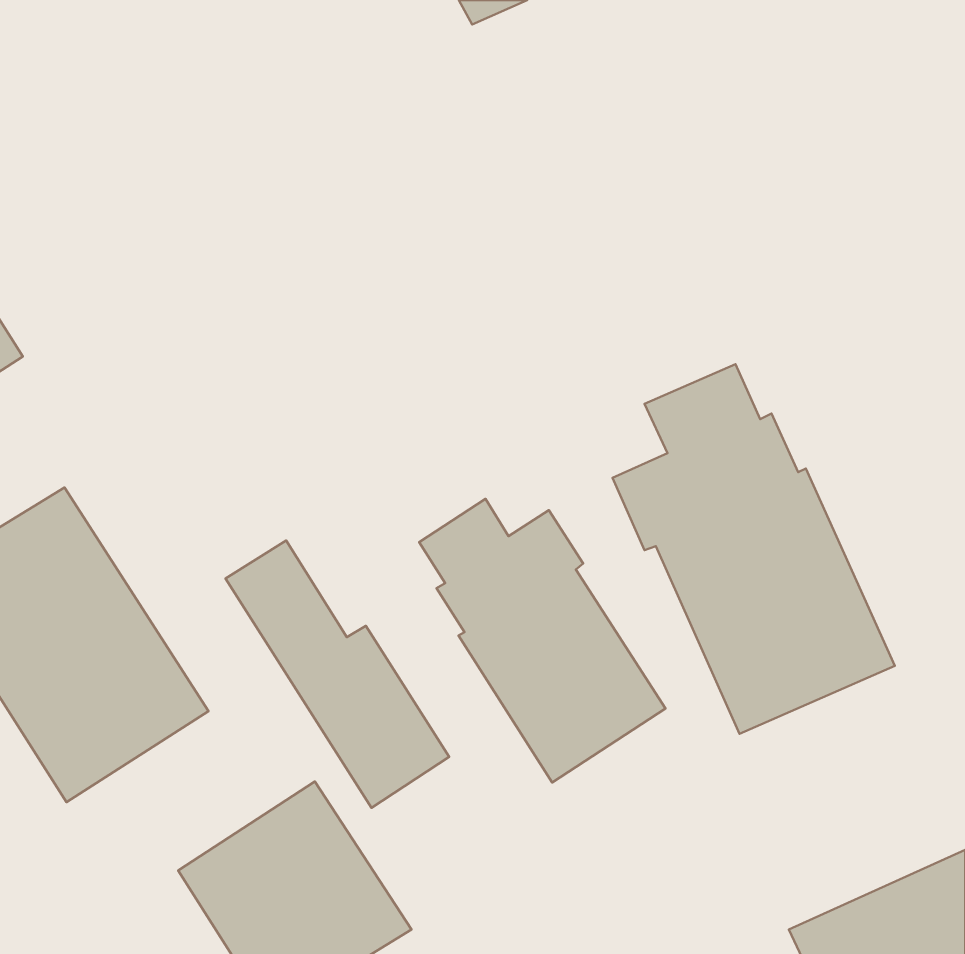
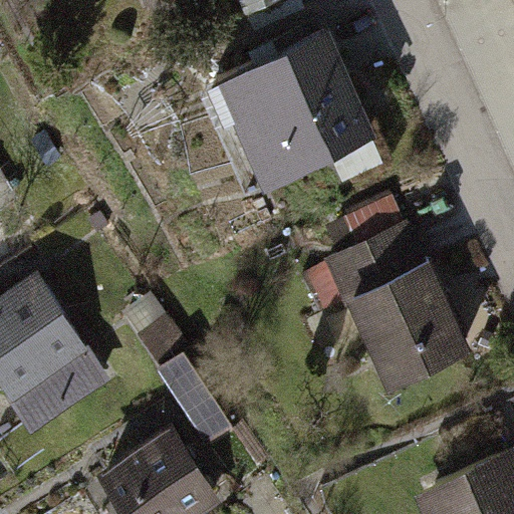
building: none -> [203,35,377,199]
building: [419,499,665,782] -> none

